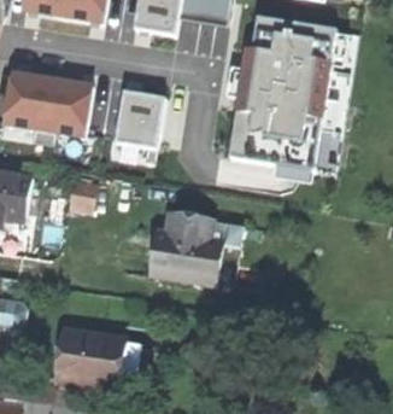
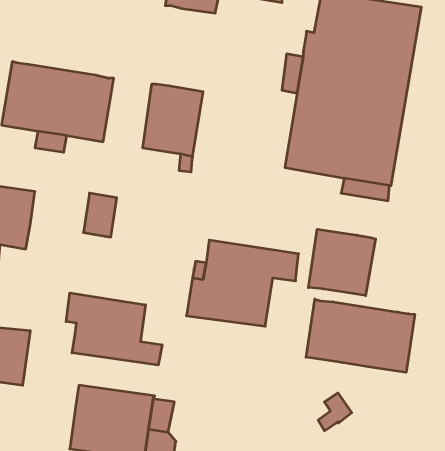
building: none -> [308,229,376,296]
building: none -> [66,293,162,365]
building: none -> [306,299,415,372]

